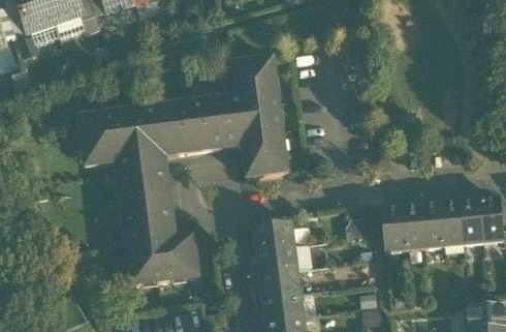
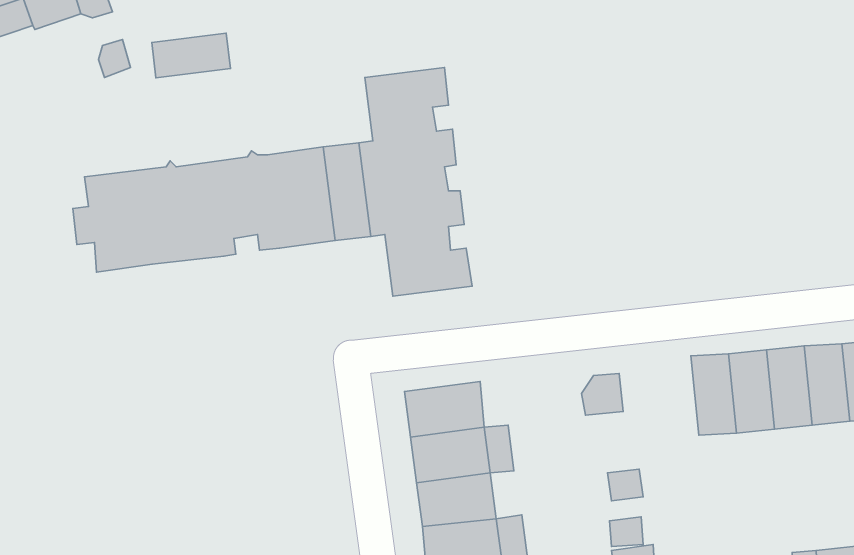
building: none -> [152,33,230,78]
building: [117,157,198,285] -> none
building: [381,209,406,252] -> none

